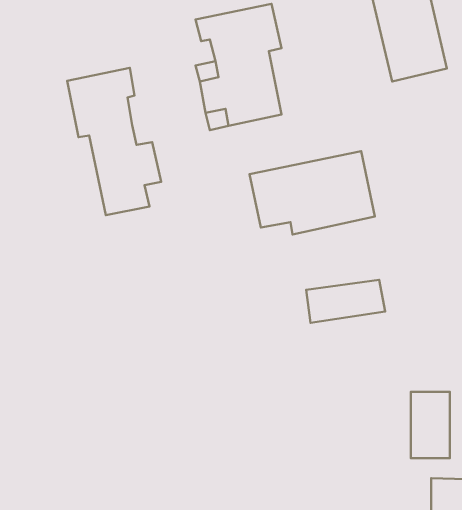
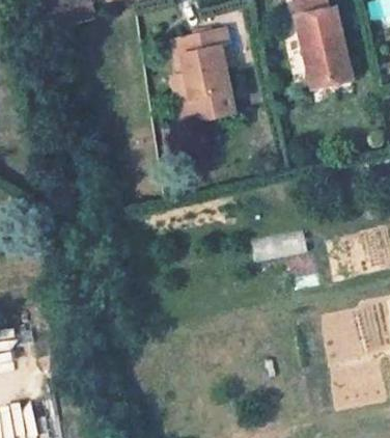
building: [67,68,161,215] -> none
building: [249,151,375,234] -> none

